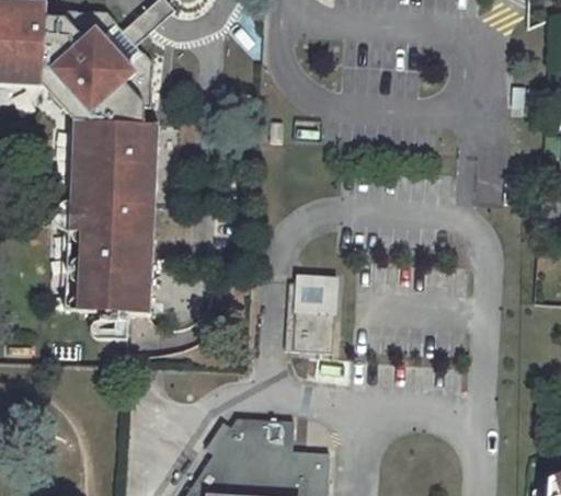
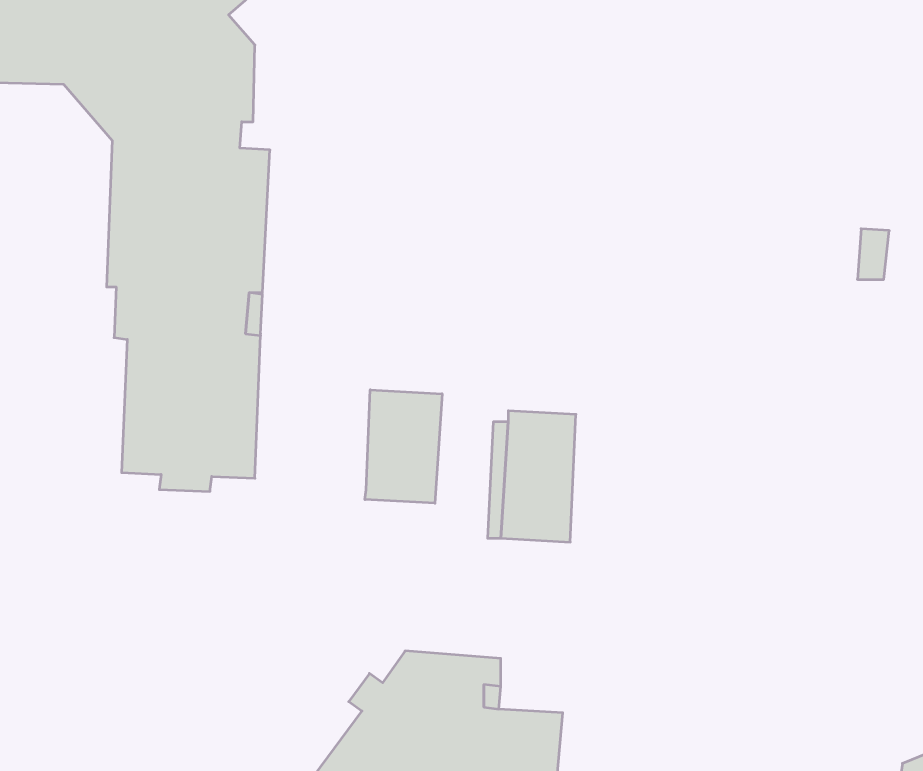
building: none -> [365,390,442,503]

